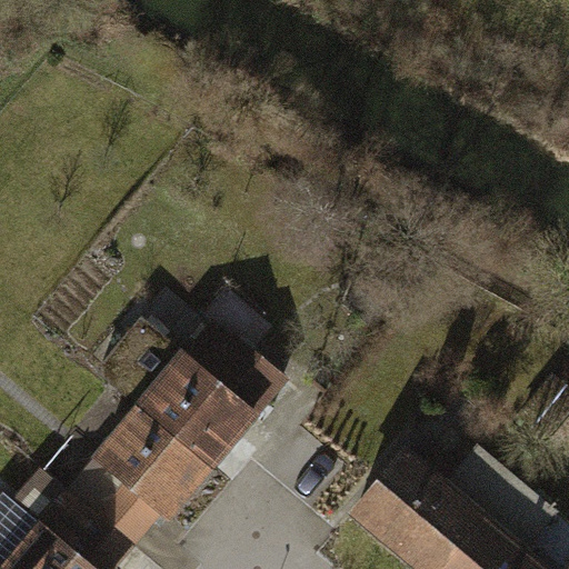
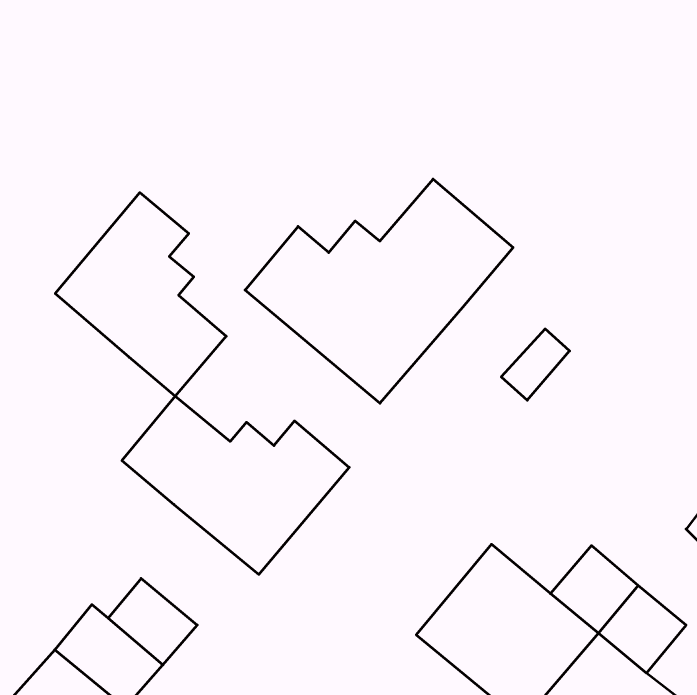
building: none -> [245,179,513,403]
building: none -> [55,193,226,396]
building: [102,413,212,519] -> none

